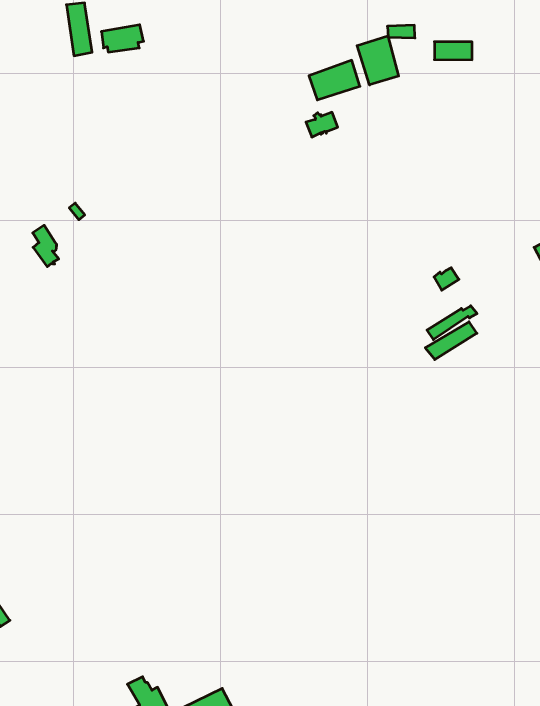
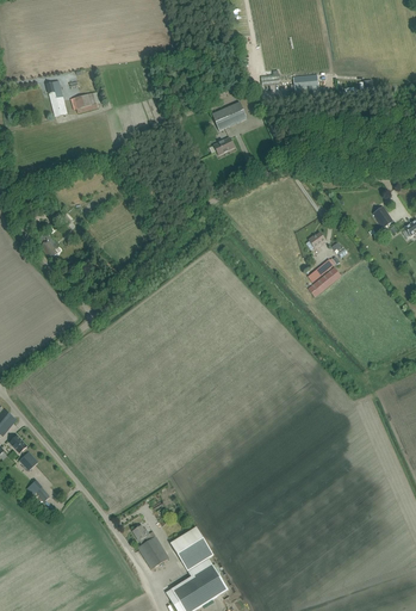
building: [357,36,399,85] -> none

